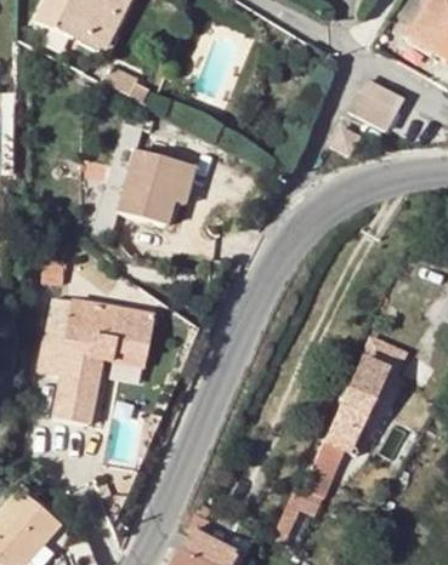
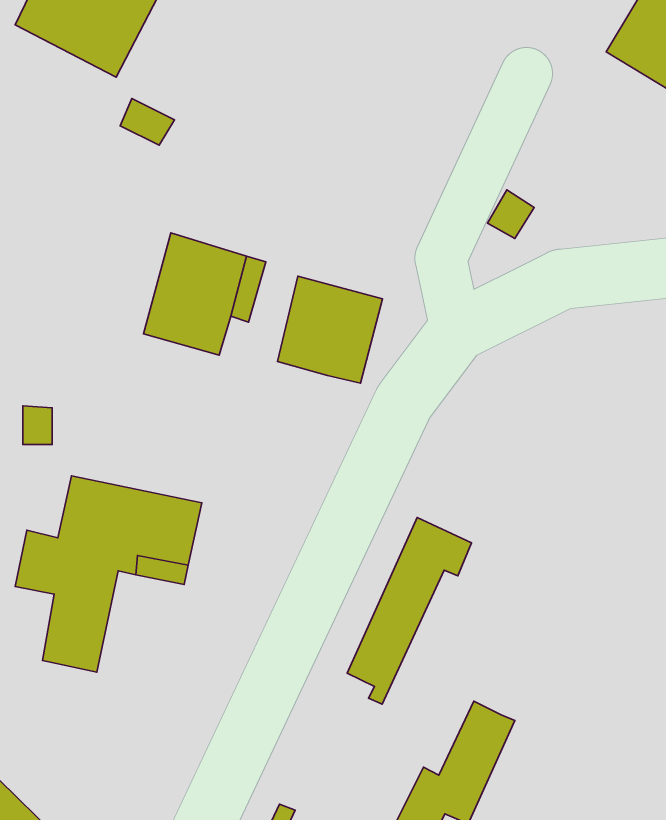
building: [351,78,404,130] -> none
building: none -> [277,276,382,383]
building: [328,337,406,453] -> [347,518,472,704]

